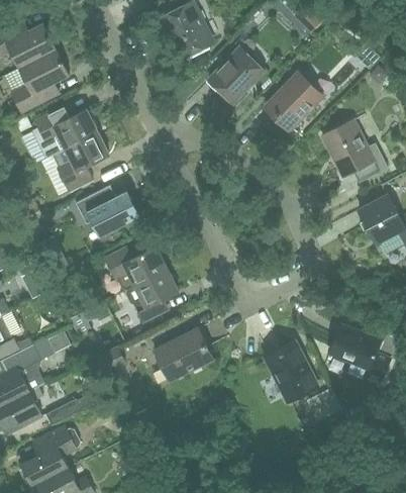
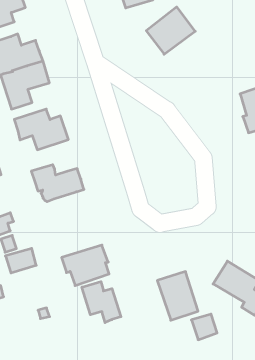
building: [267,72,322,127] -> none
building: [125,269,179,322] -> none
building: none -> [82,282,121,323]

